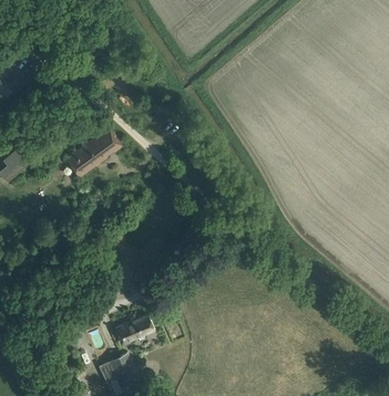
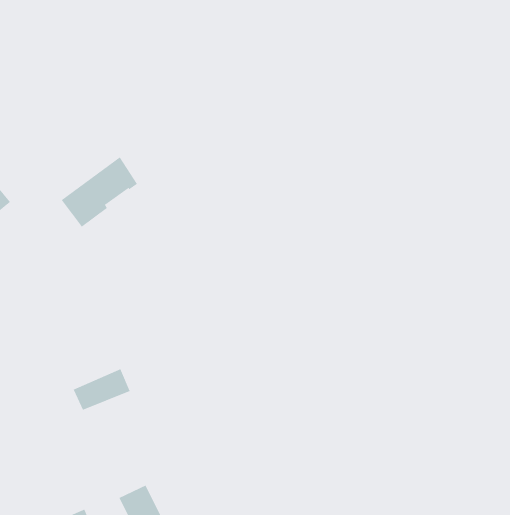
building: [113,315,153,344] -> [73,369,131,410]

